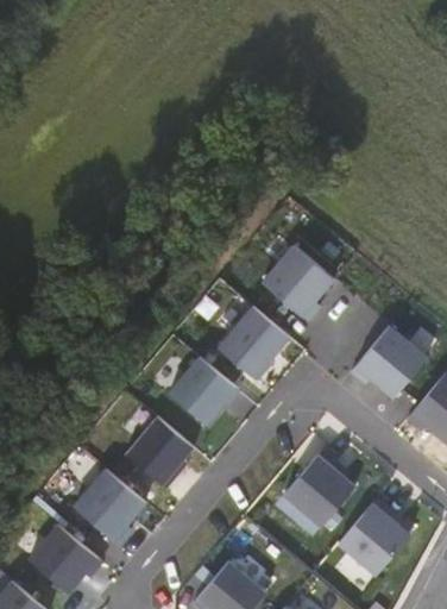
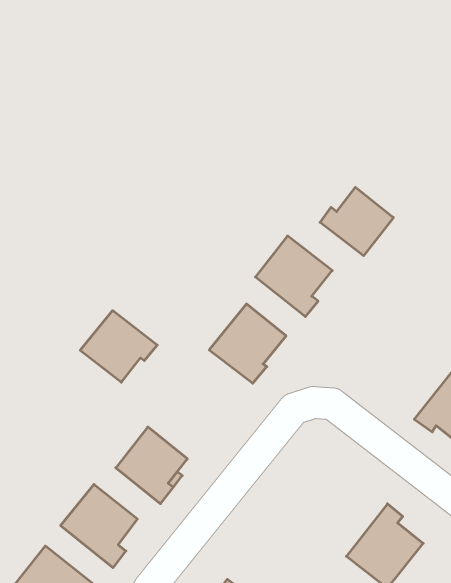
building: none -> [320,187,393,256]
building: [348,320,424,391] -> none
building: [169,359,240,426] -> [80,311,157,382]
building: [287,447,357,523] -> none

